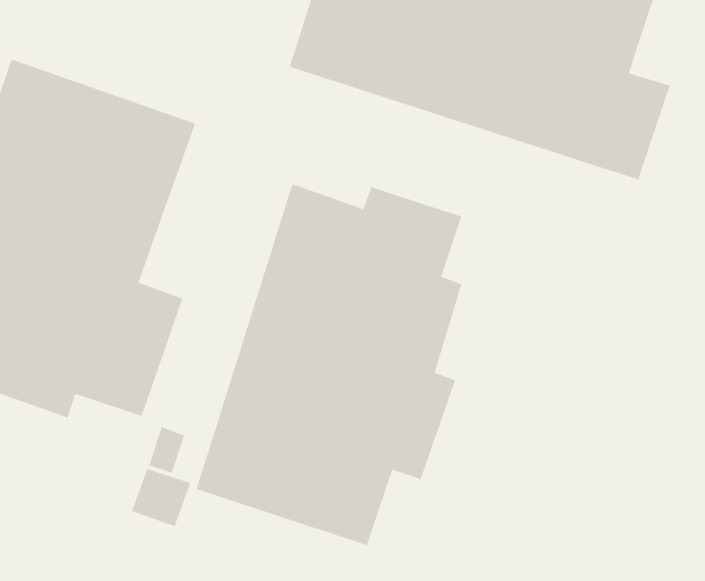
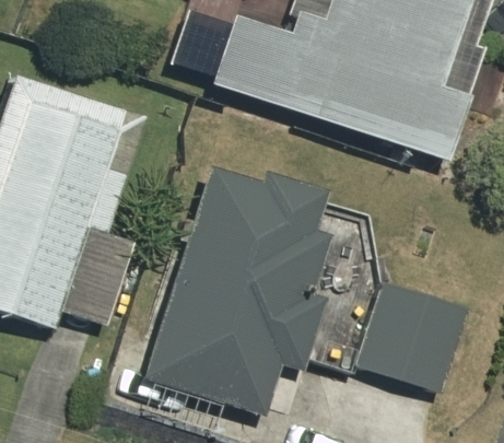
building: none -> [354,281,466,394]

